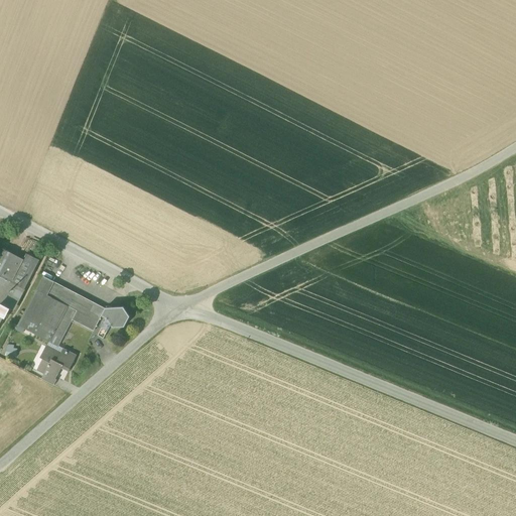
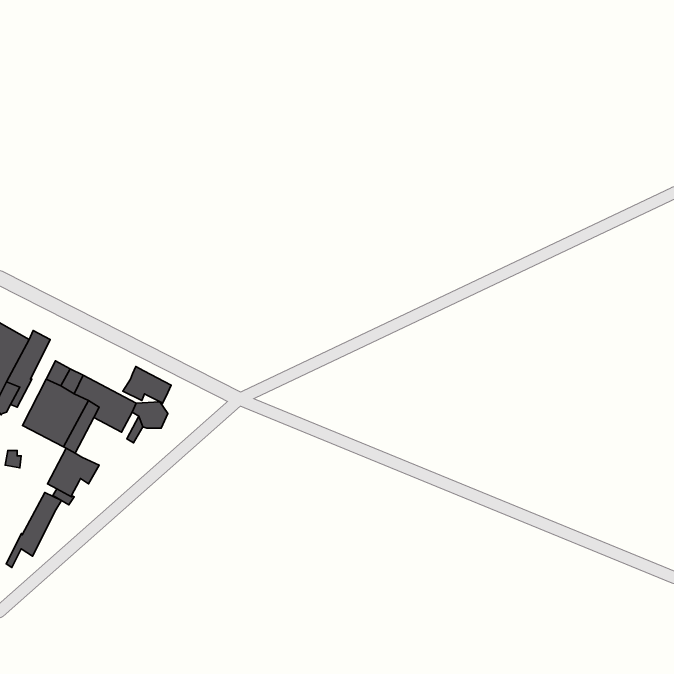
building: none -> [123,367,171,404]
building: none -> [6,492,62,568]

